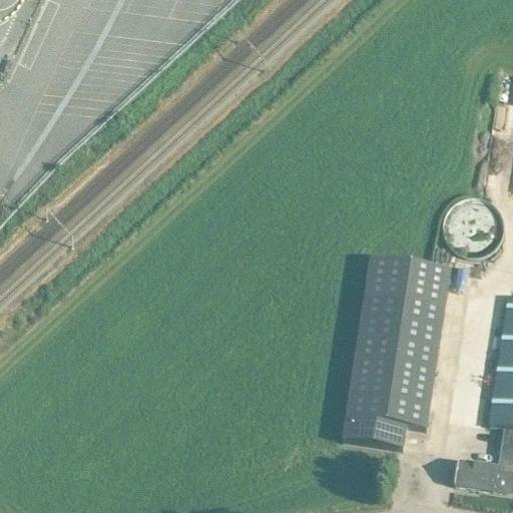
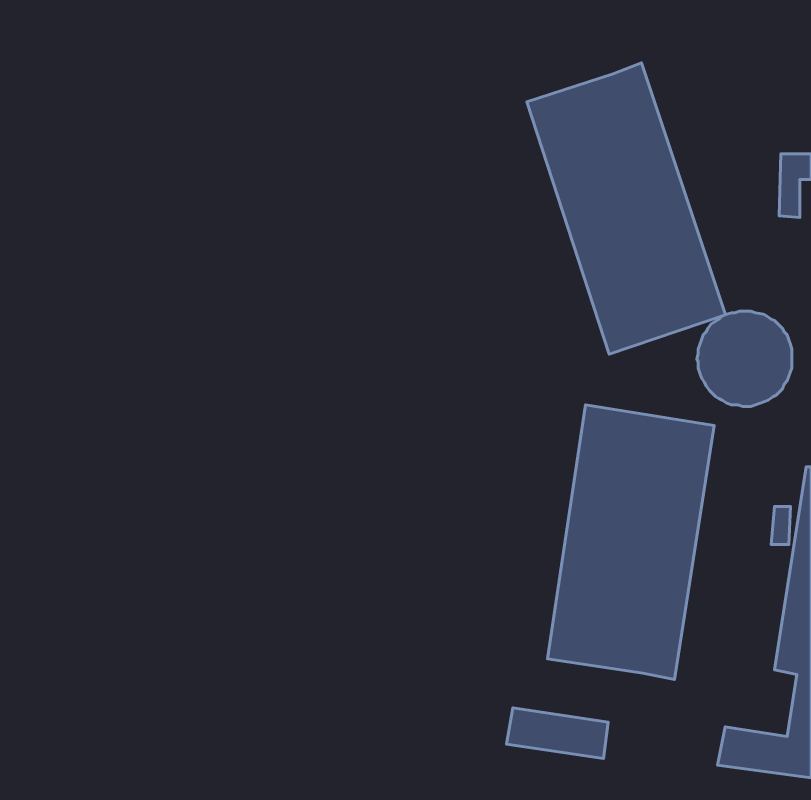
building: none -> [527,63,726,354]
building: [342,416,406,448] -> [507,708,608,759]

